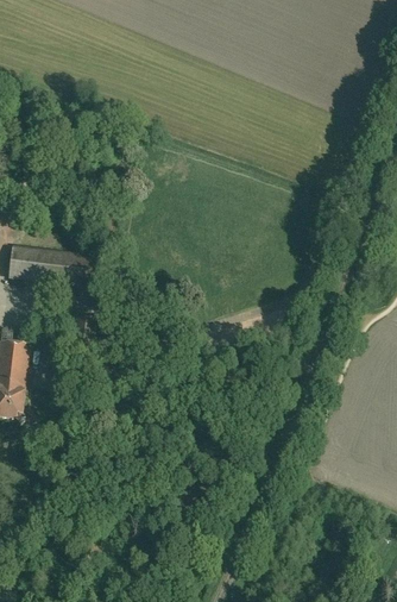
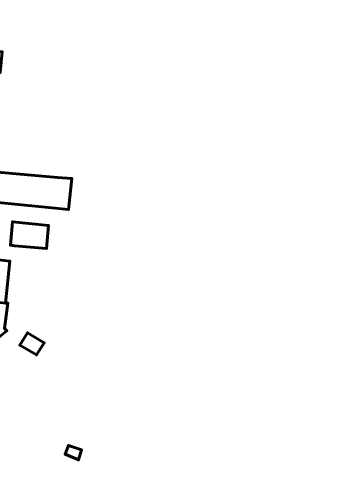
building: none -> [11,222,49,249]

